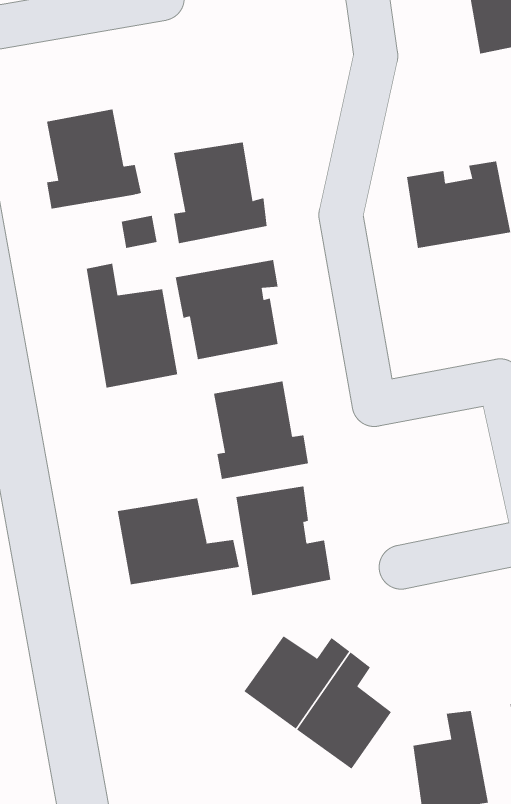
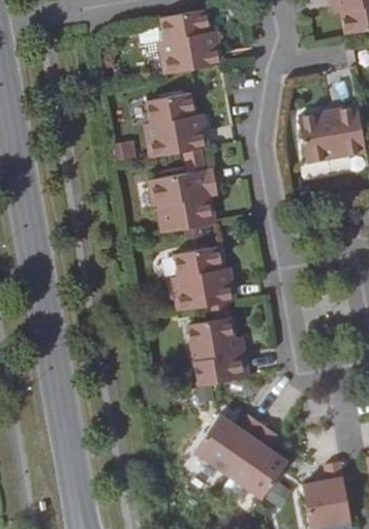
building: [46,109,142,209] -> [161,9,223,74]
building: [86,263,178,388] -> none
building: [117,498,240,585] -> none

